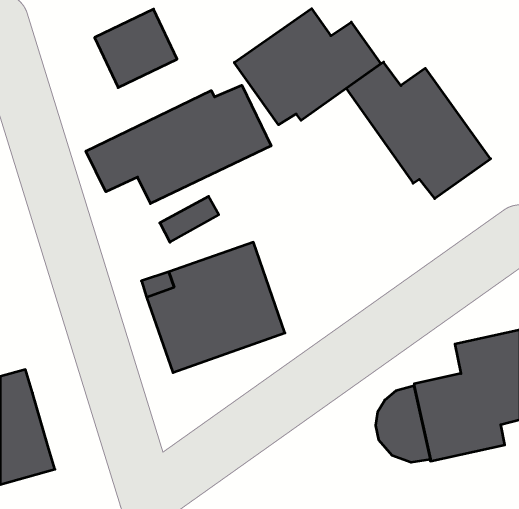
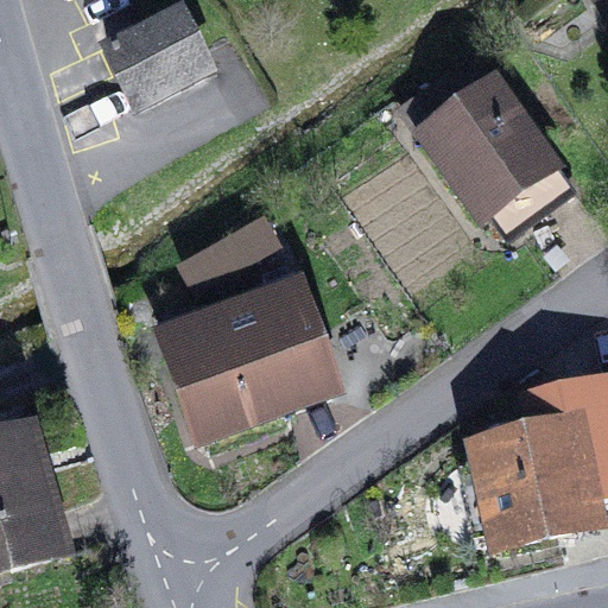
building: [234,9,381,125] -> none
building: [86,85,271,204] -> none

